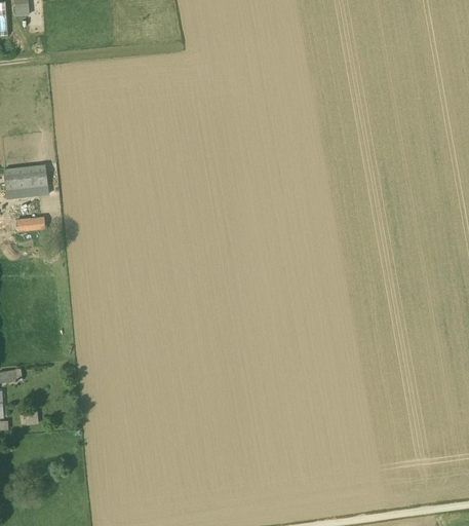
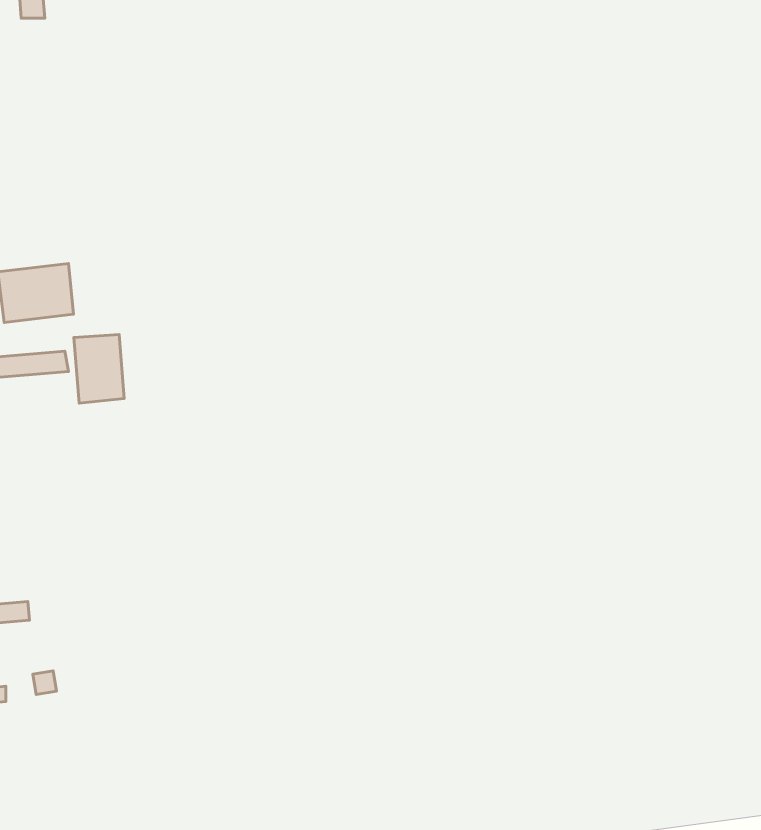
building: none -> [74,334,124,403]

